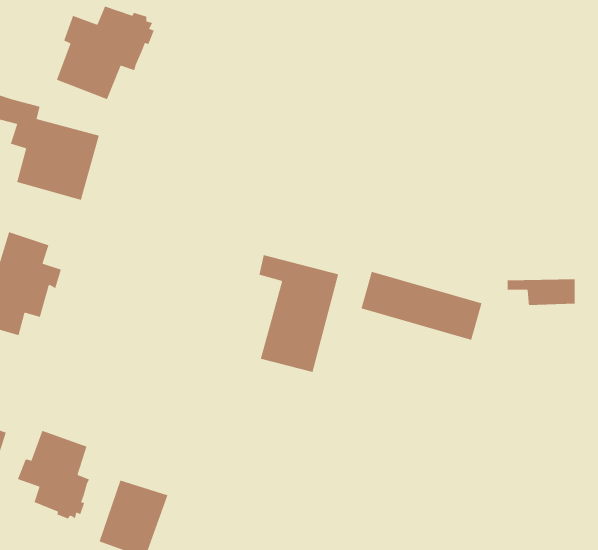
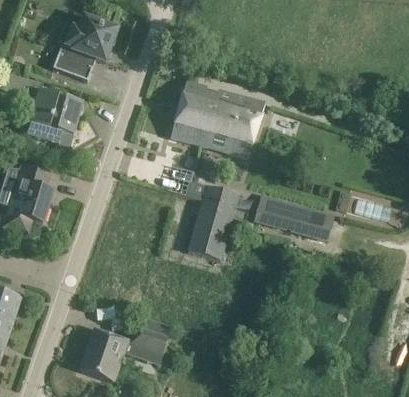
building: none -> [170,81,264,158]
building: [17,430,90,519] -> none
building: none -> [128,316,169,353]

